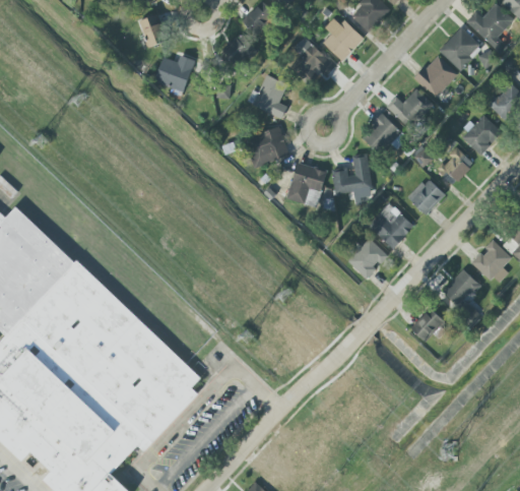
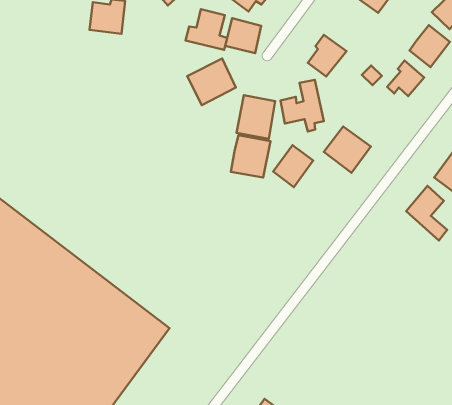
building: none -> [225,18,261,53]
building: [386,88,432,128] -> none
building: [407,177,445,214] -> none
building: none -> [231,135,271,178]
building: [347,238,387,279] -> [273,145,313,187]
building: [411,308,451,341] -> none

